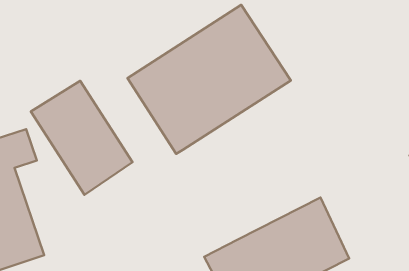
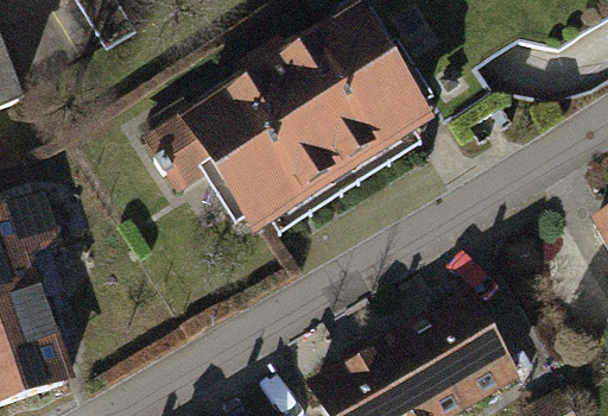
building: [31,81,133,195] -> none

